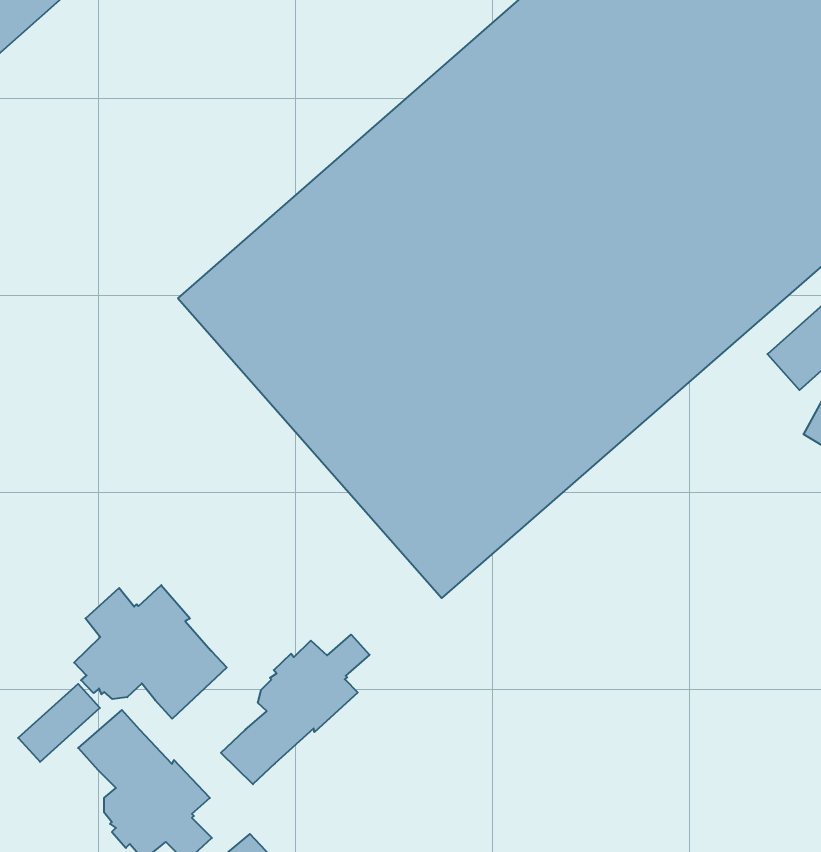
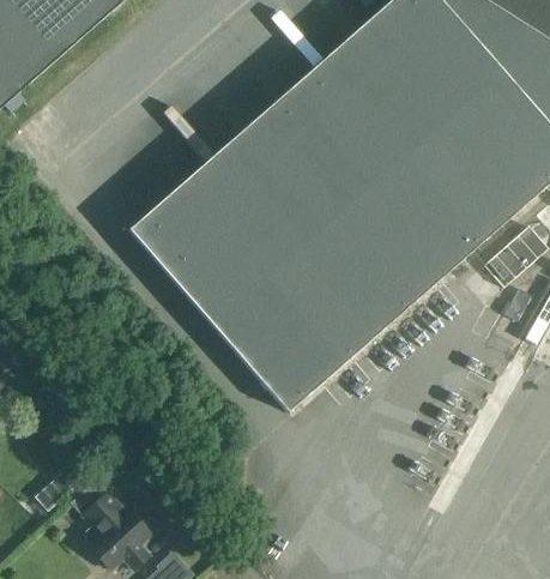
building: [74,585,227,719] -> none
building: [221,635,370,784] -> none

